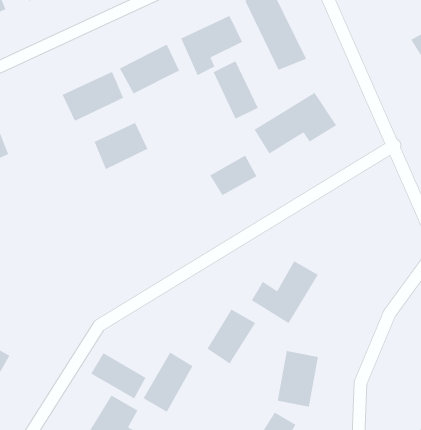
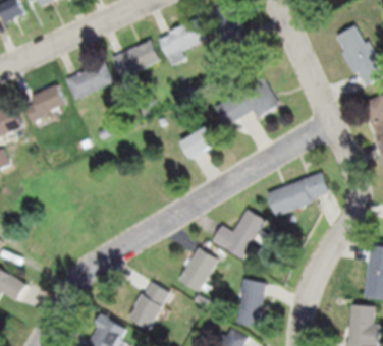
building: [212,60,259,120] -> none
building: [94,122,148,170] -> [23,85,66,123]
building: none -> [266,173,329,218]
building: [90,352,146,399] -> none

